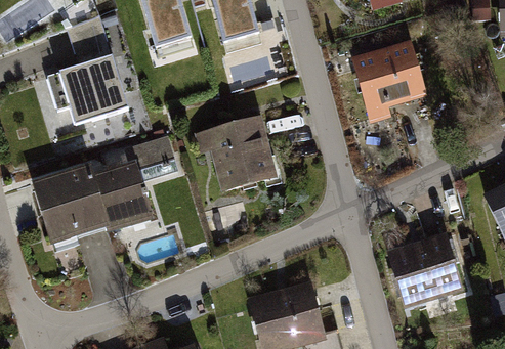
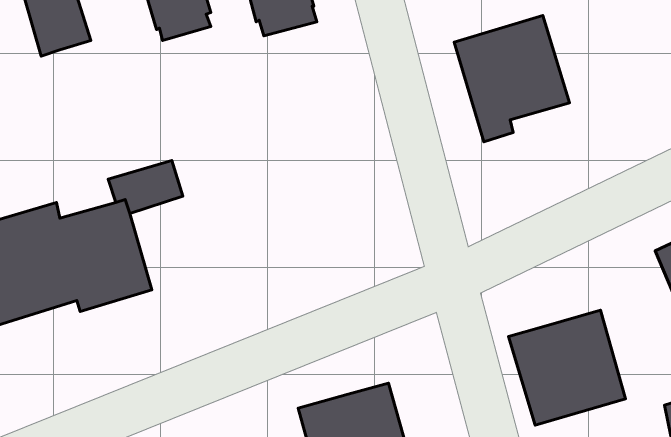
building: [59,55,128,125] -> none
building: [196,116,276,189] -> none

